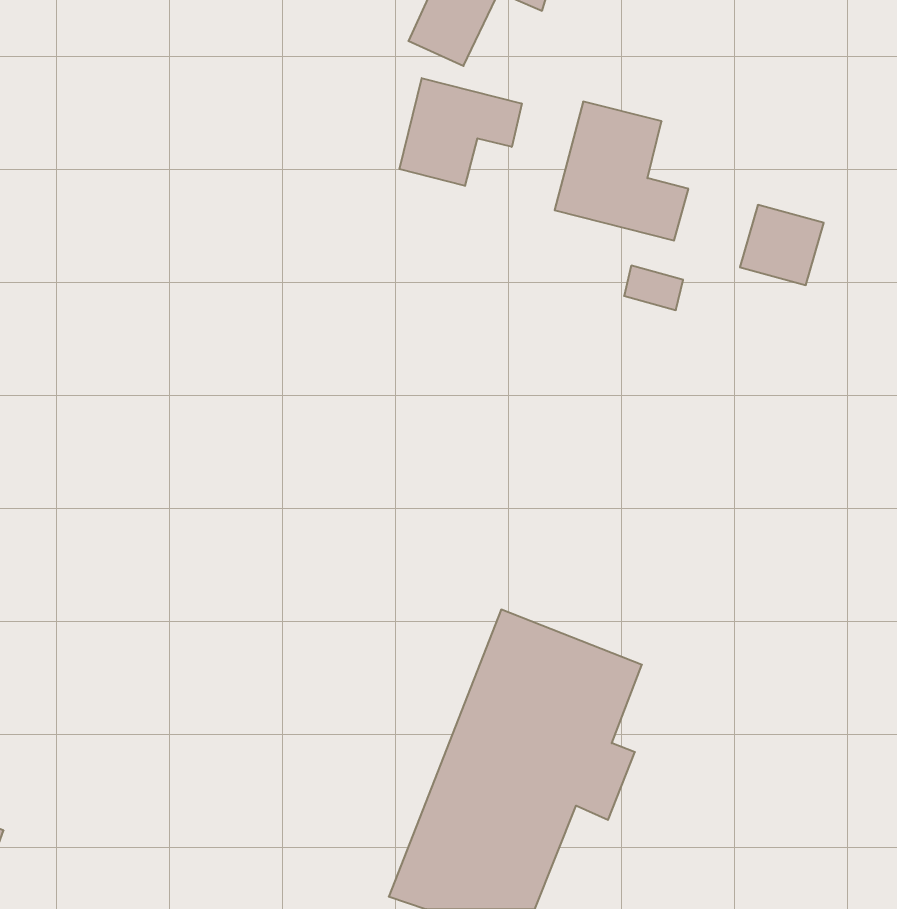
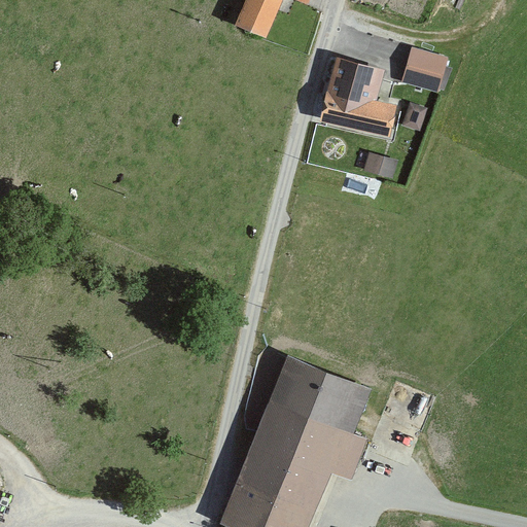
building: [399,78,522,186] -> none
building: [740,205,824,285] -> [398,48,447,95]

